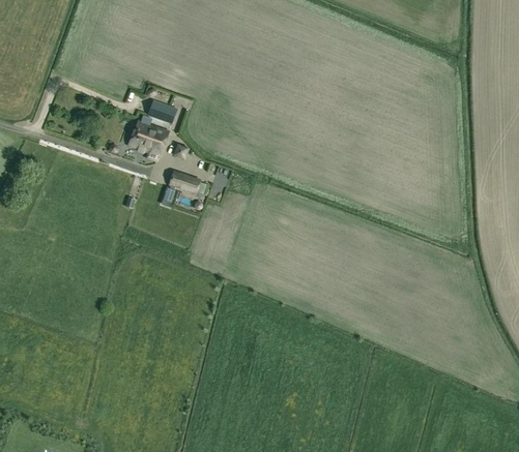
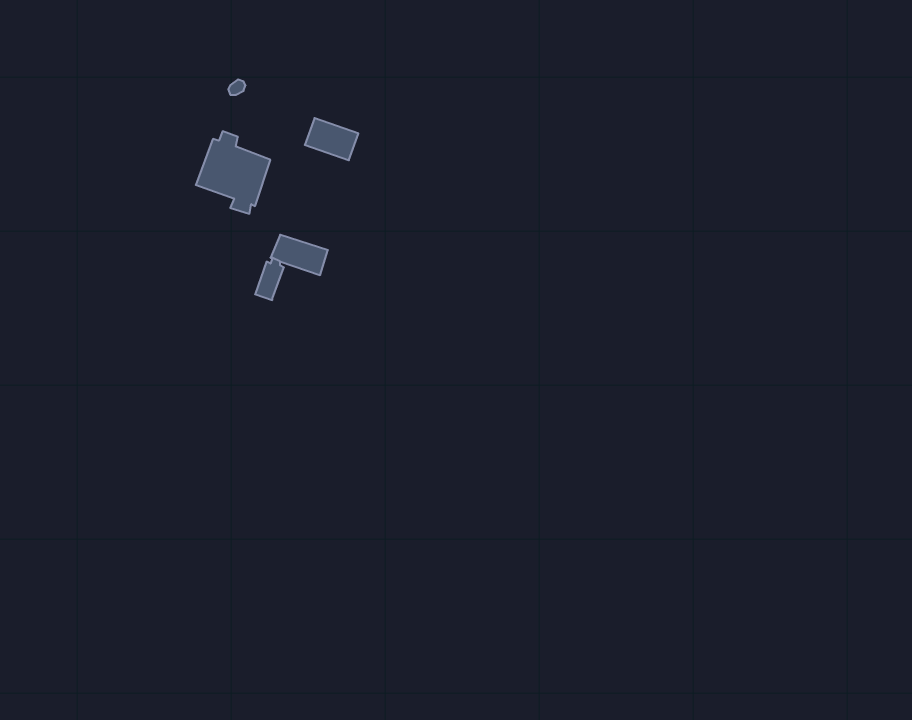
building: [148,99,177,122] -> [305,118,358,160]

